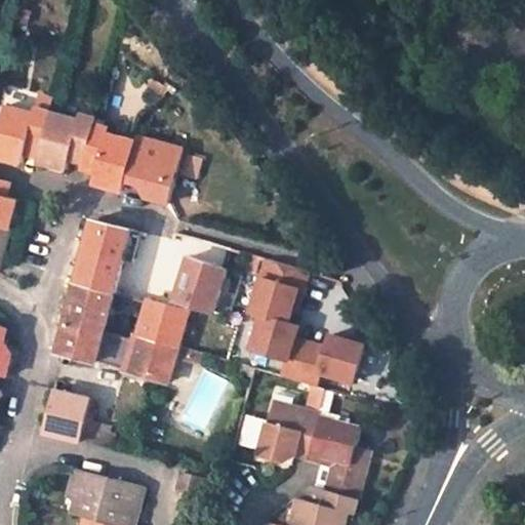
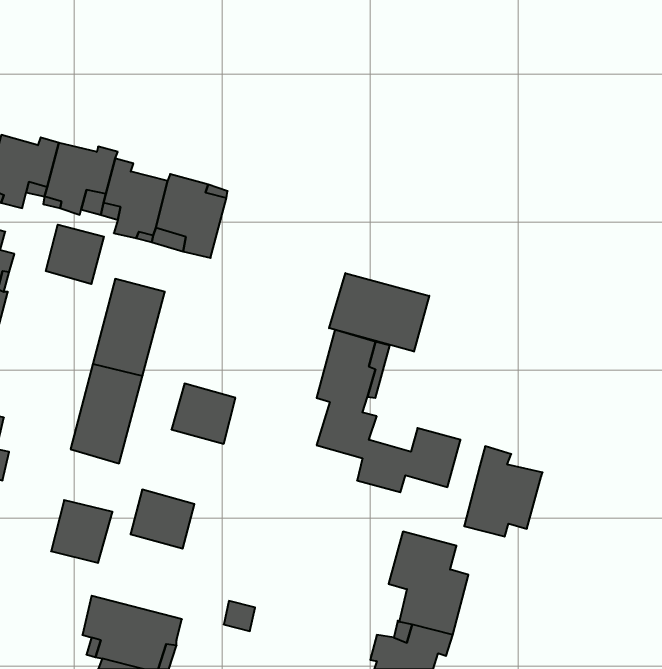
building: none -> [46,225,104,284]
building: none -> [329,273,429,352]
building: [173,257,225,314] -> none
building: [125,336,175,382] -> [130,490,194,549]
building: [255,393,317,463] -> [464,446,543,537]

